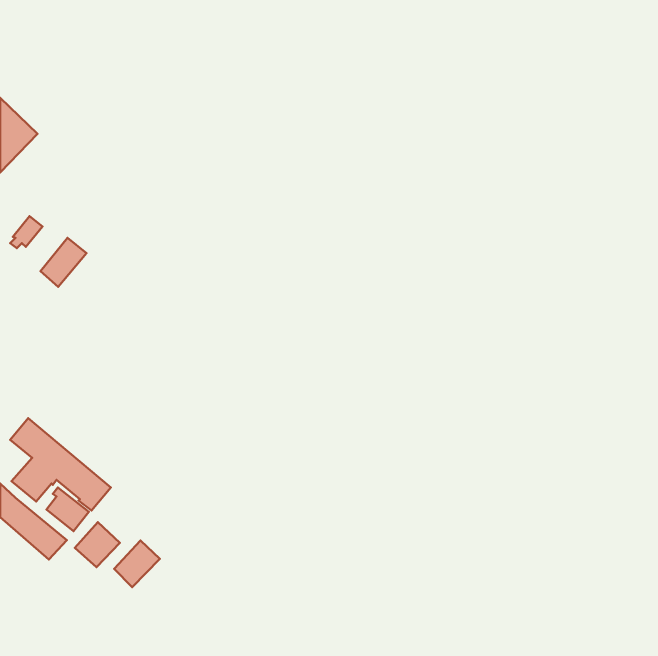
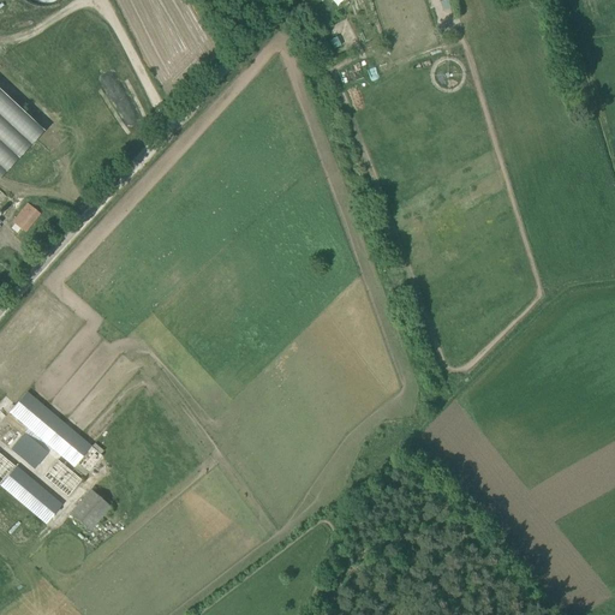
building: [41,238,86,287] -> none
building: [114,541,160,587] -> none

